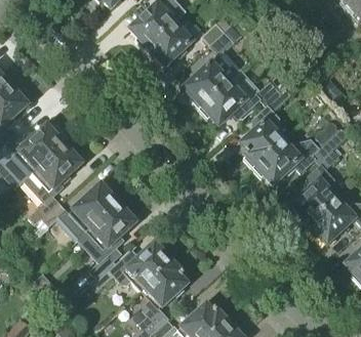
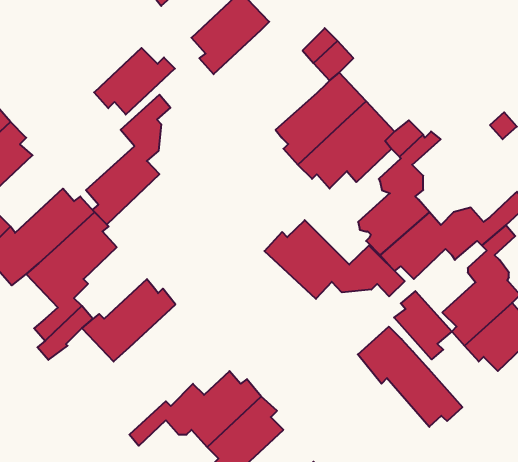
building: [144,23,196,66] -> [94,48,175,115]
building: none -> [86,95,170,225]
building: none -> [264,220,405,299]
building: none -> [394,291,452,359]
building: [79,200,134,278] -> none
building: none -> [358,327,462,427]

